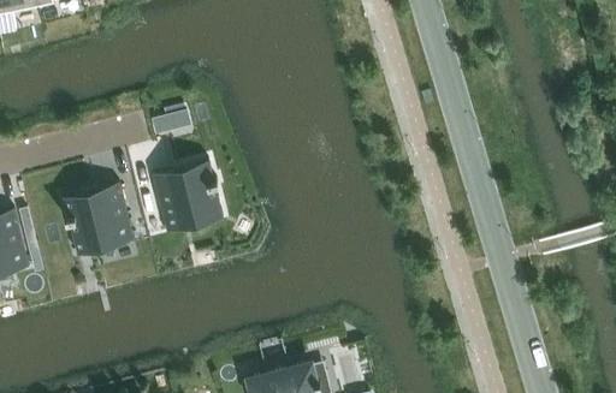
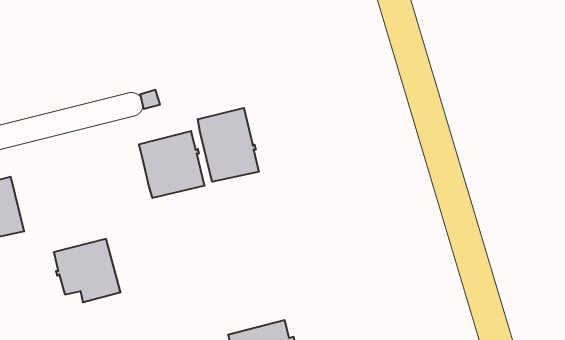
building: none -> [198,108,259,182]
building: [61,181,134,250] -> [54,239,121,302]

